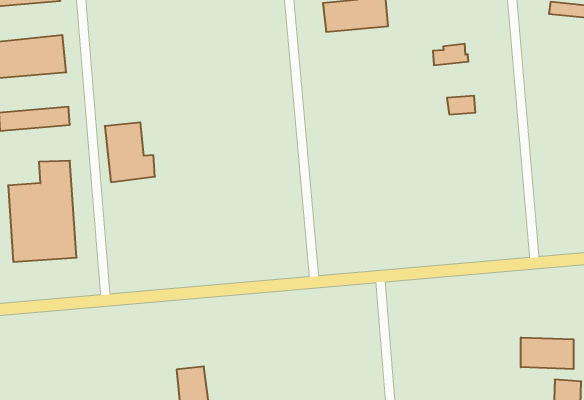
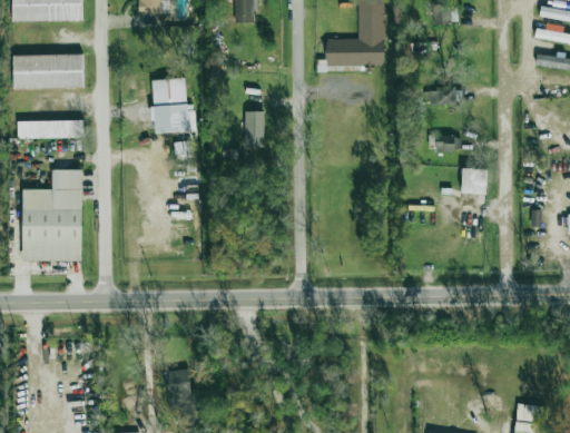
building: none -> [245,110,264,146]
building: [105,122,155,182] -> [153,79,196,132]
building: none -> [461,168,488,194]
building: [521,337,574,369] -> none

